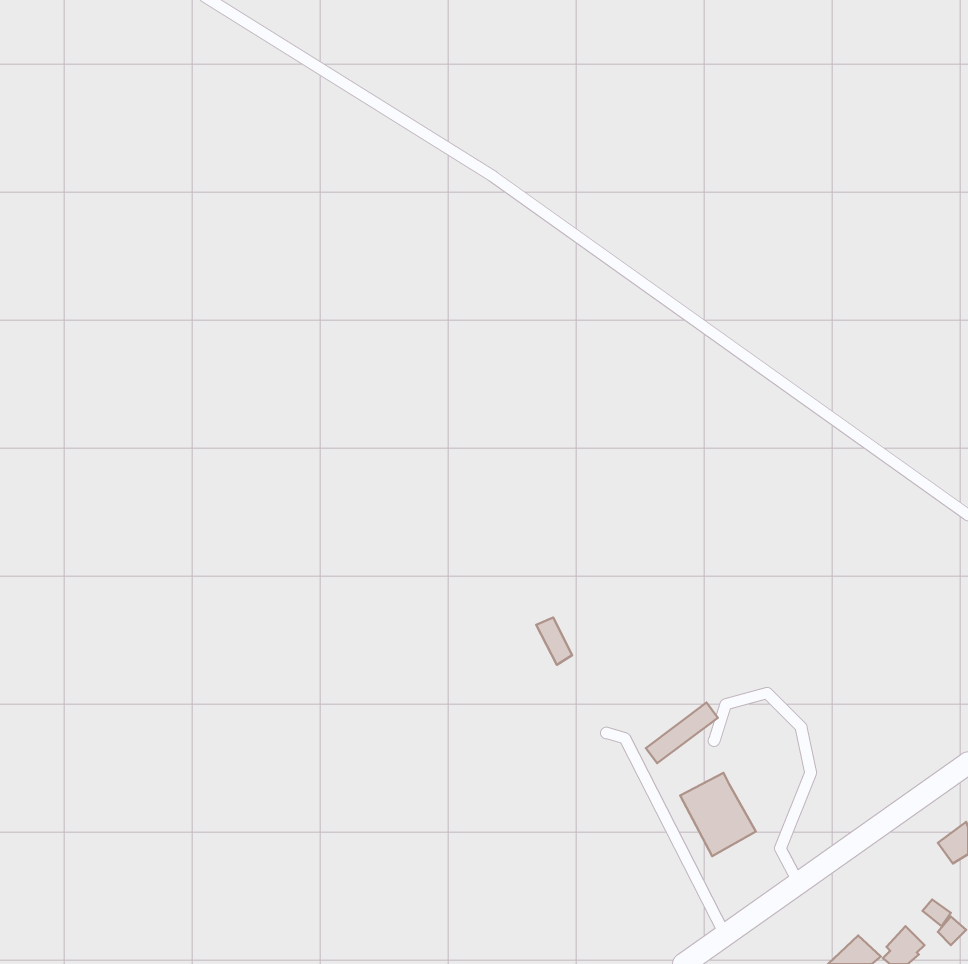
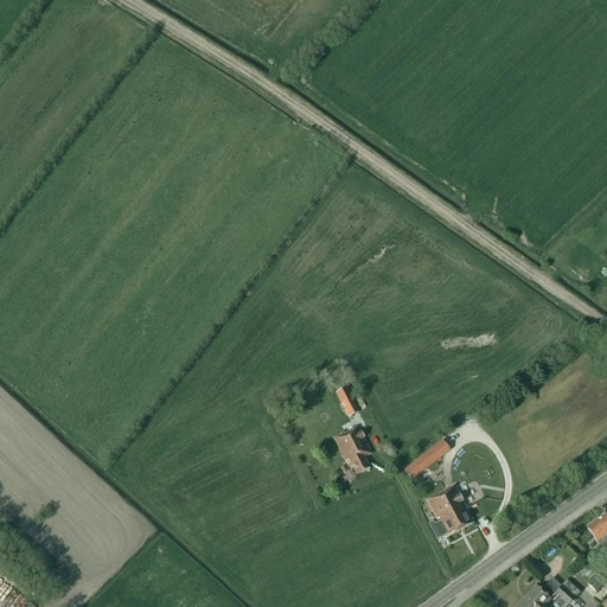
building: none -> [333,424,371,473]

